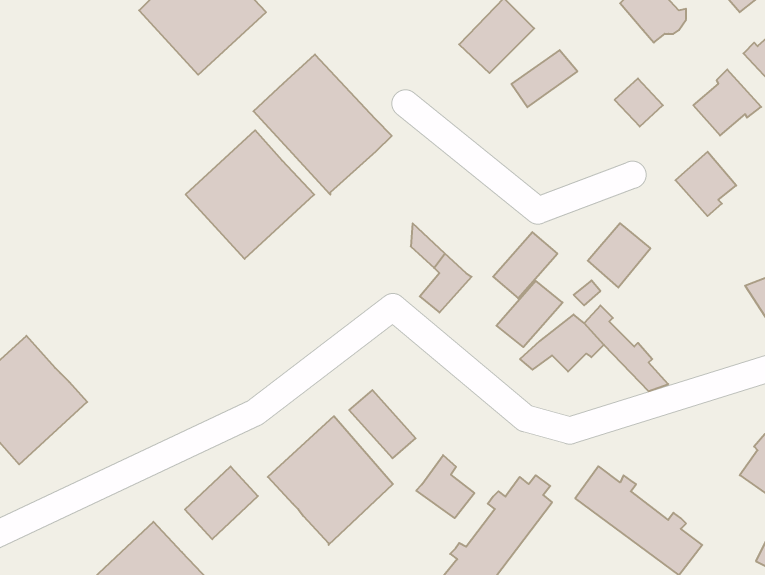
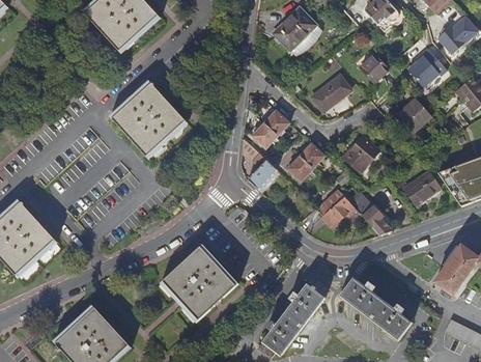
building: [511,50,577,107] -> [313,75,351,108]
building: [253,54,392,195] -> none
building: [496,281,563,347] -> [253,110,291,148]
building: none -> [400,169,436,202]
building: [349,390,416,458] -> none
building: [416,455,474,518] -> none
building: [185,466,258,539] -> none

